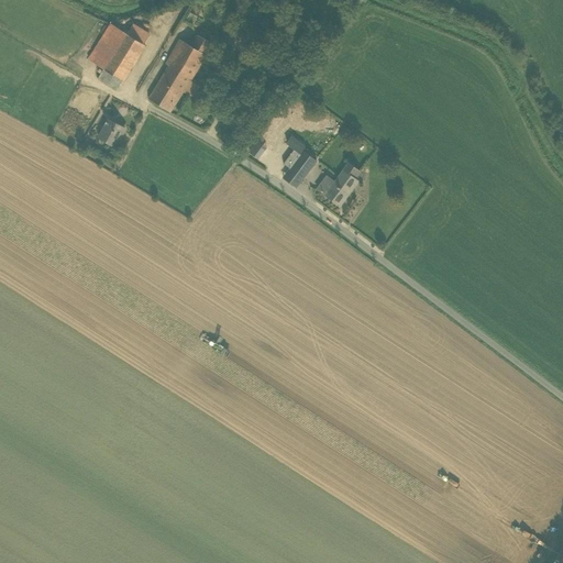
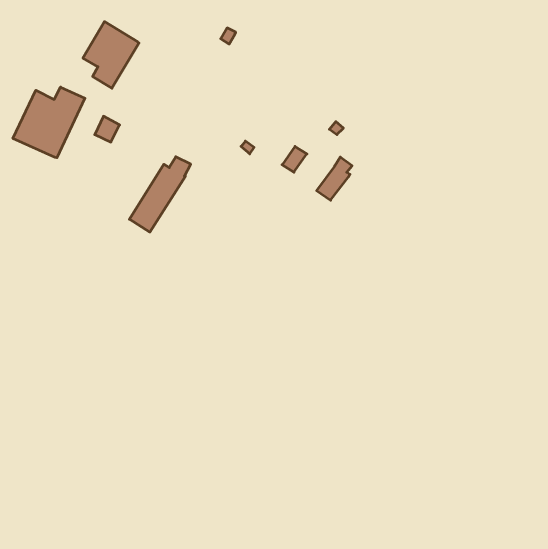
building: [147,34,210,111] -> [129,157,191,232]
building: none -> [13,87,85,158]

